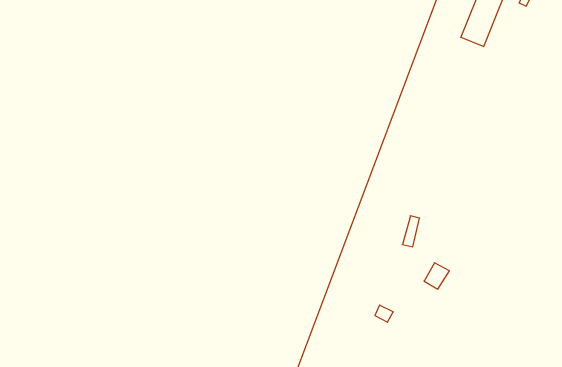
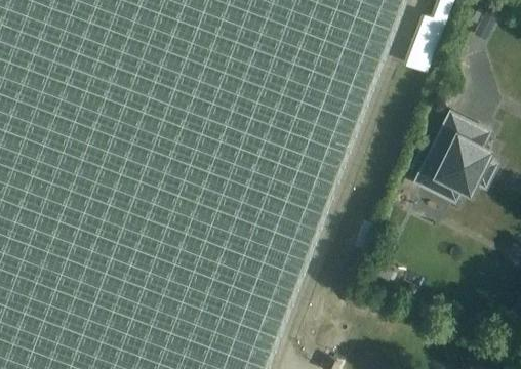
building: none -> [418,112,493,197]

